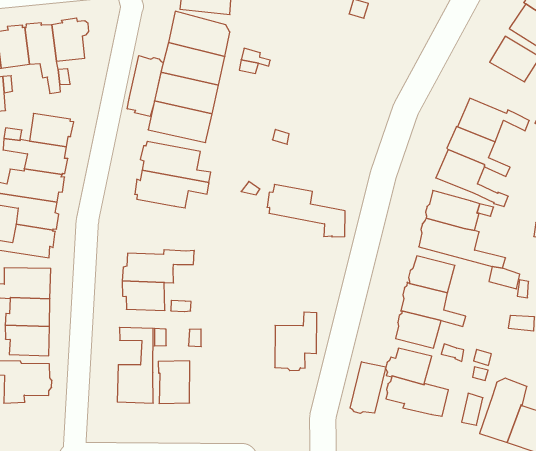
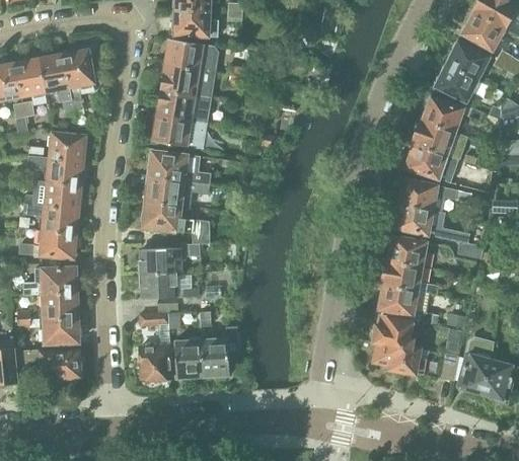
building: [127,56,163,116] -> none
building: none -> [435,64,477,101]
building: [267,184,345,237] -> [142,202,211,244]
building: [275,312,317,371] -> [202,326,239,378]
building: [350,362,386,413] -> none

